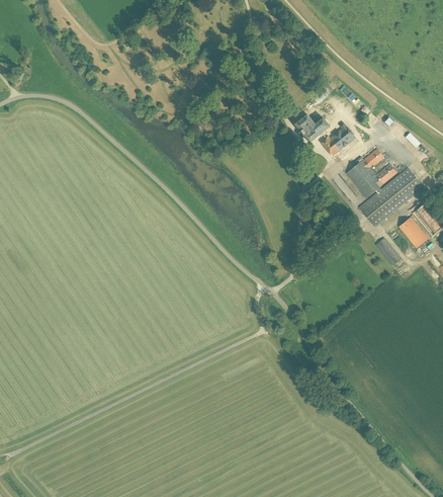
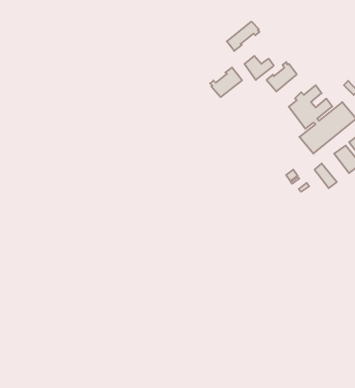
building: none -> [227,22,259,51]
building: none -> [210,67,242,97]

